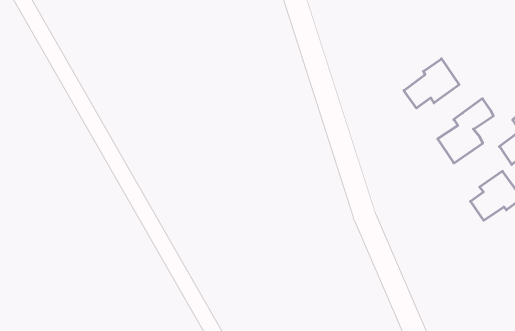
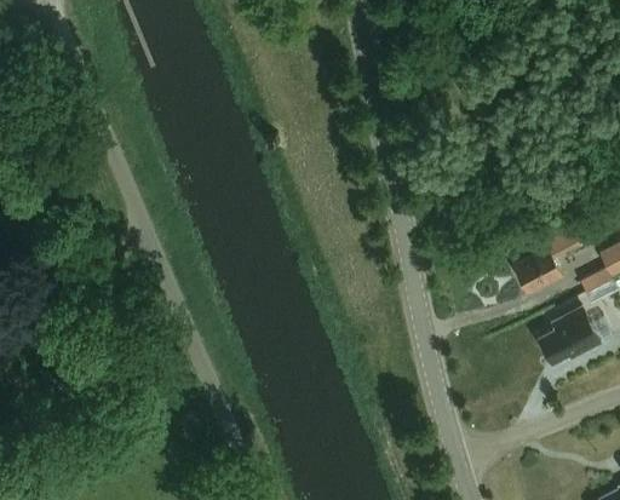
building: [404,59,459,108] -> none

